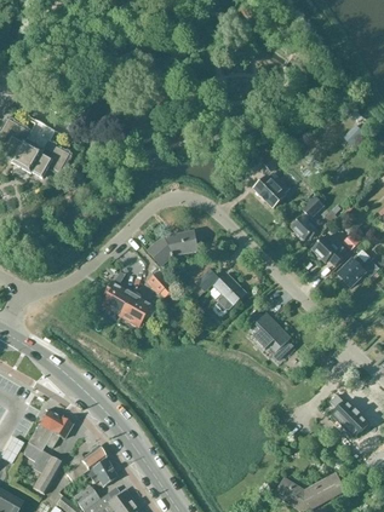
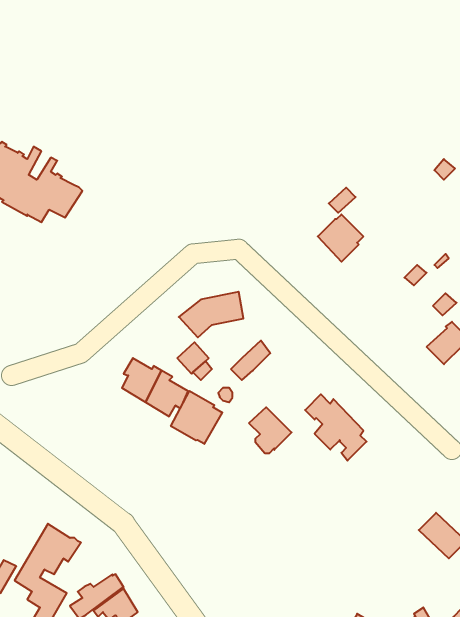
building: [291,195,325,241] -> none
building: [313,235,348,266] -> none
building: [213,274,246,309] -> [249,407,292,453]
building: none -> [171,391,222,444]

